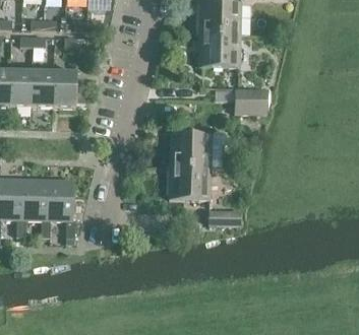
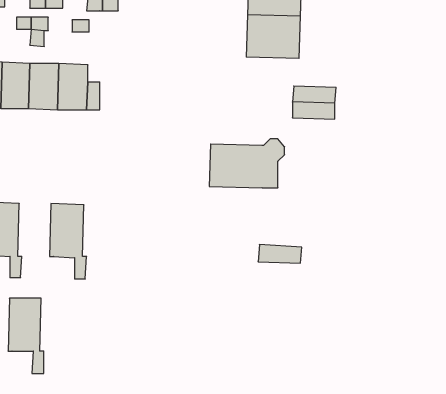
building: [168,164,210,198] -> none
building: [21,178,49,236] -> [8,298,44,373]

